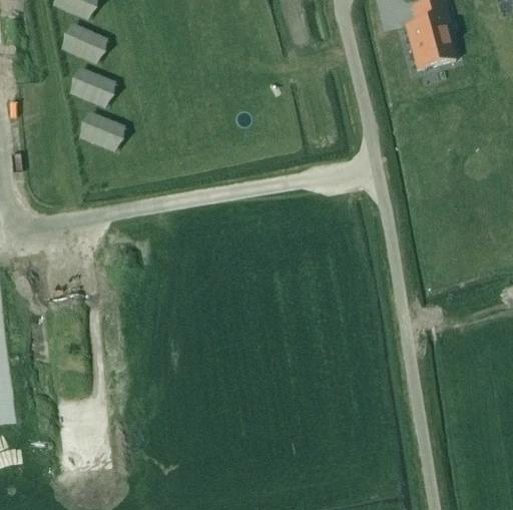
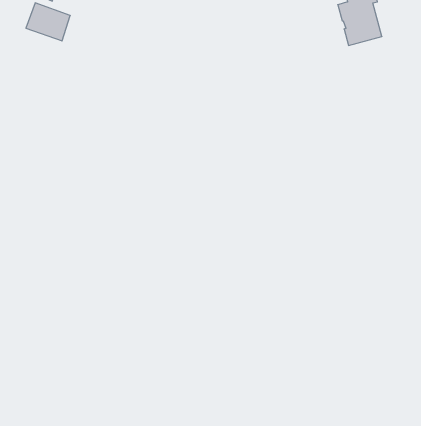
building: [69,67,117,105] -> none
building: [82,113,113,140] -> none

